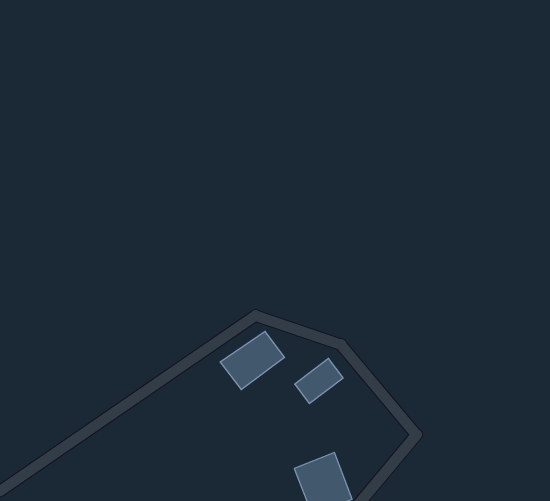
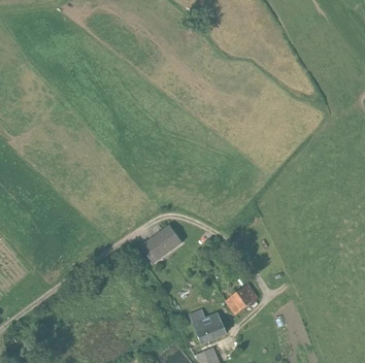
building: [295,358,343,404] -> [226,286,257,315]

